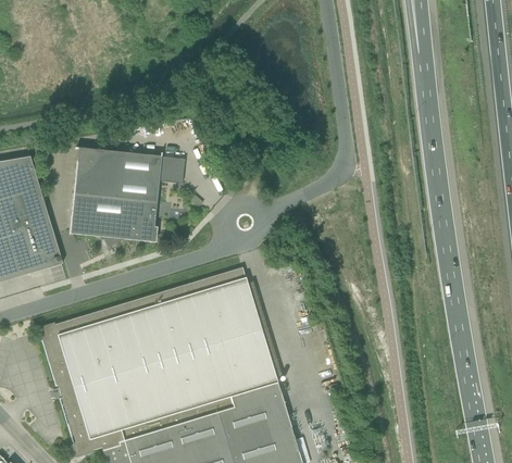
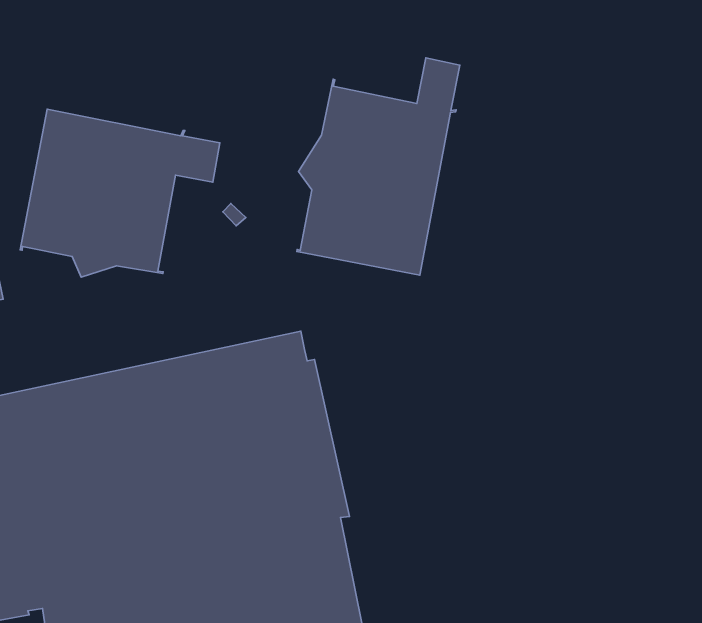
building: none -> [297,58,460,275]

